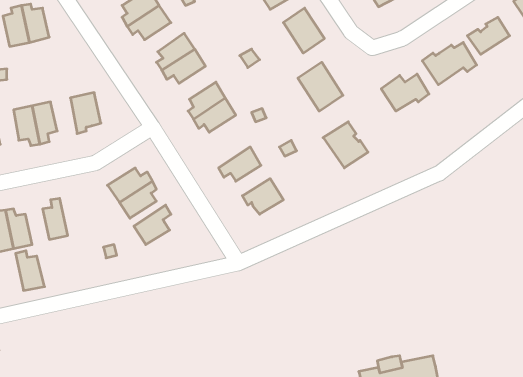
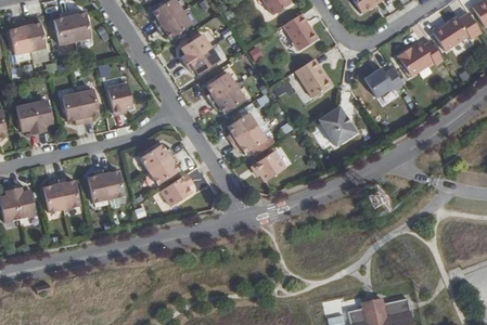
building: none -> [226,114,256,144]
building: [16,251,45,290] -> [100,167,124,199]

